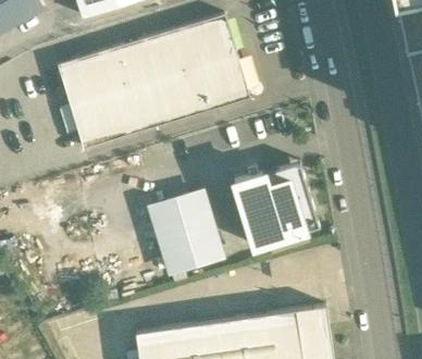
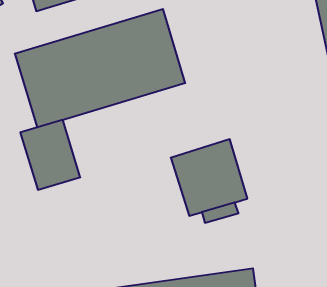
building: [151,193,219,271] -> [20,120,80,190]

